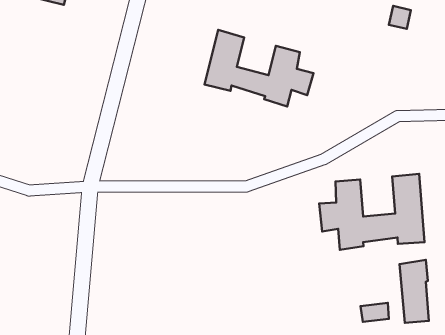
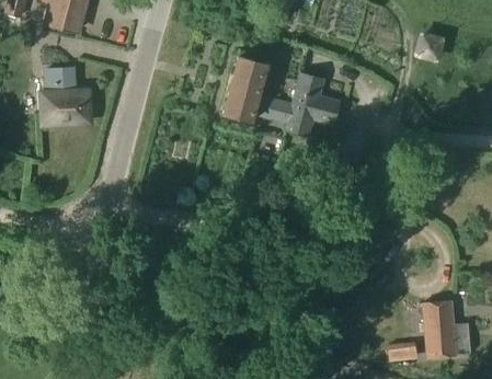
building: none -> [48,69,85,118]
building: [319,174,424,250] -> none

